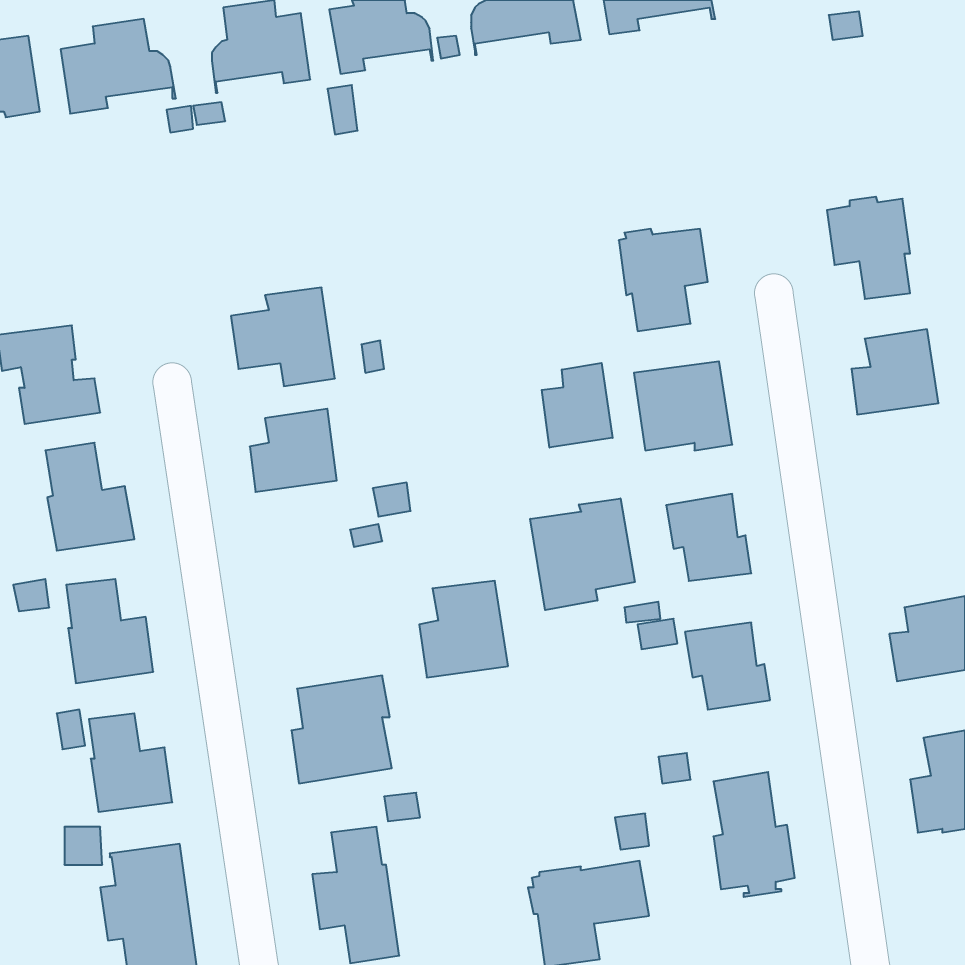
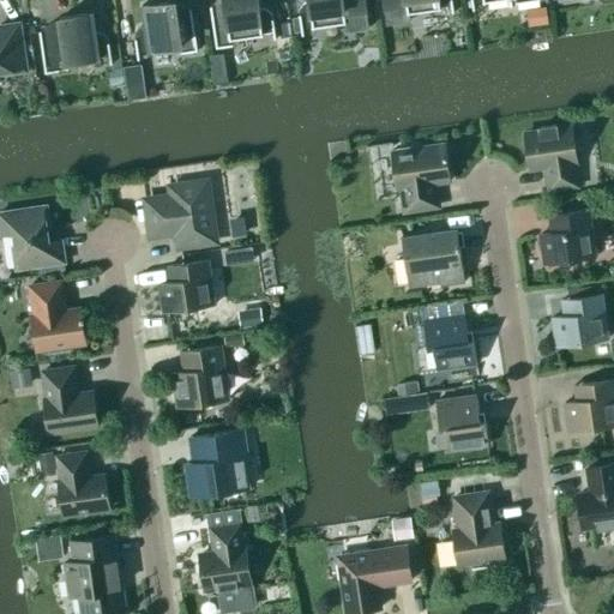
building: [542,363,613,448] -> none
building: none -> [552,295,607,347]
building: [530,498,635,610] -> none
building: [419,581,508,677] -> [171,347,228,408]

